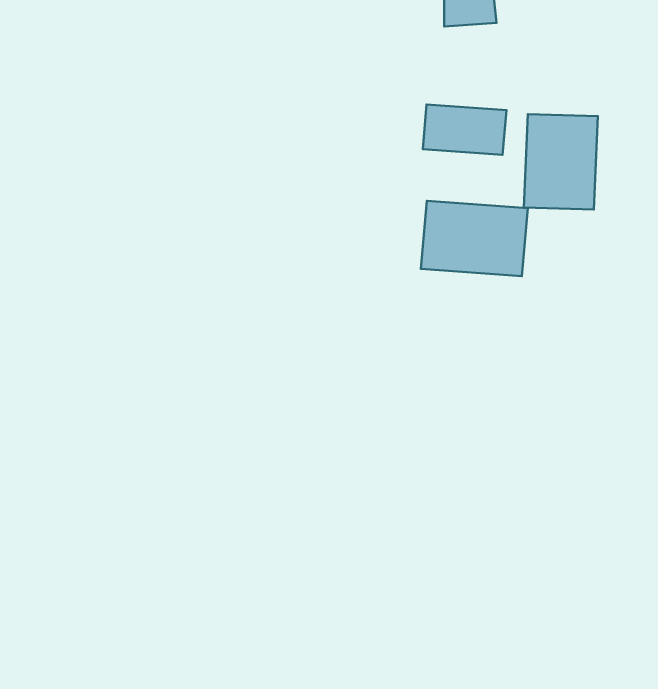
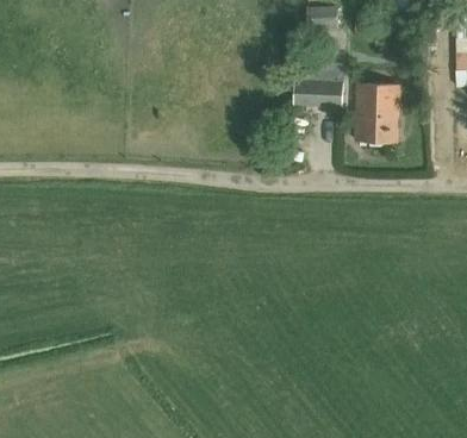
building: [421,201,528,276] -> none

